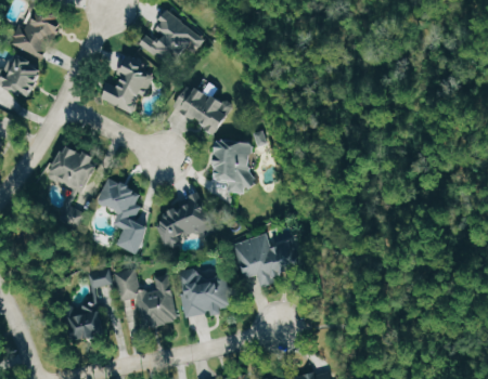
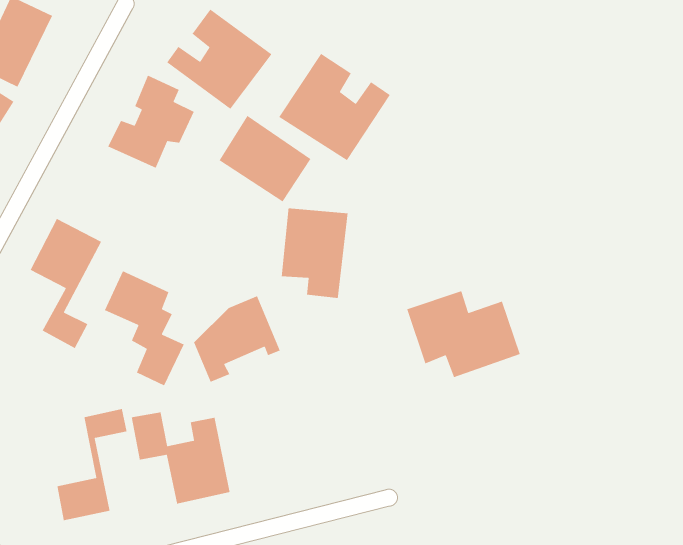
building: none -> [278,53,391,161]
building: [230,233,304,289] -> [406,290,521,378]
building: [178,270,230,315] -> none

